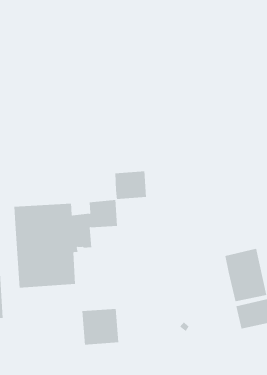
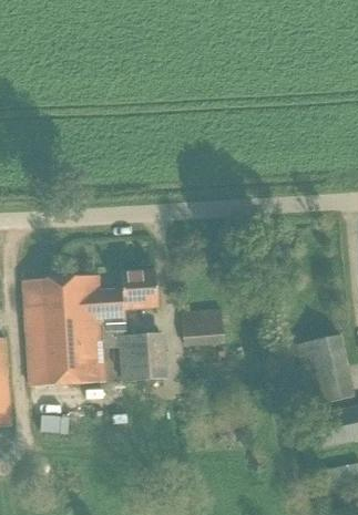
building: [114,171,147,200] -> [182,309,224,347]
building: [81,308,119,345] -> [117,331,166,379]

